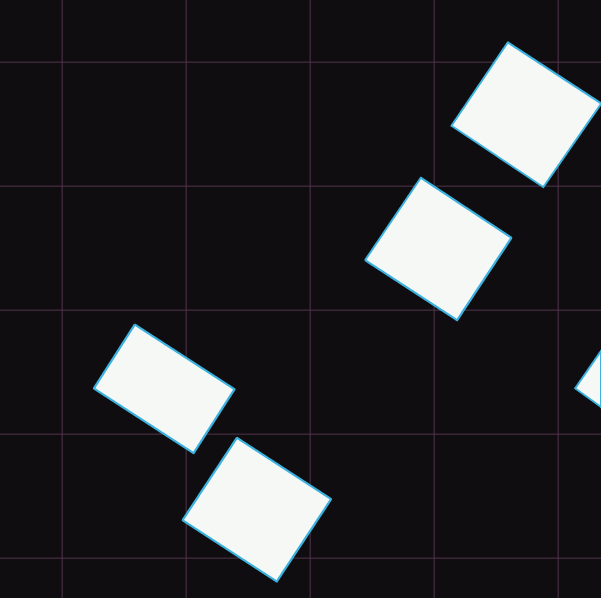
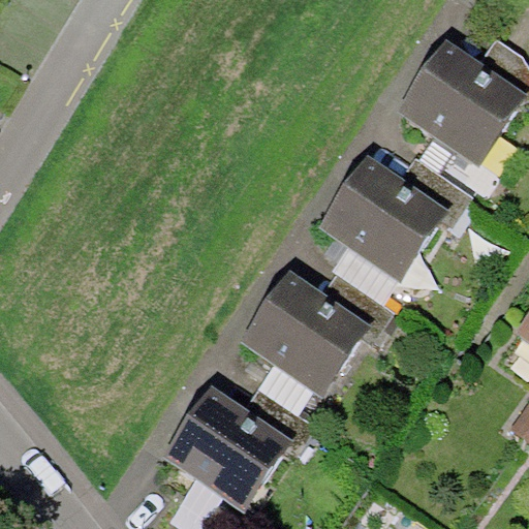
building: none -> [241,271,369,396]
building: [94,325,235,453] -> none

